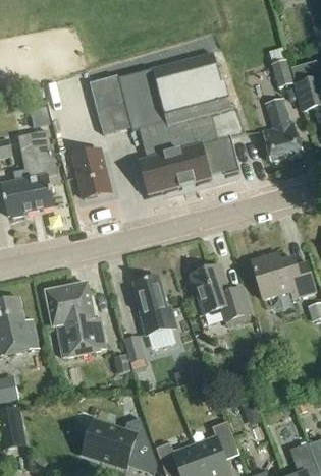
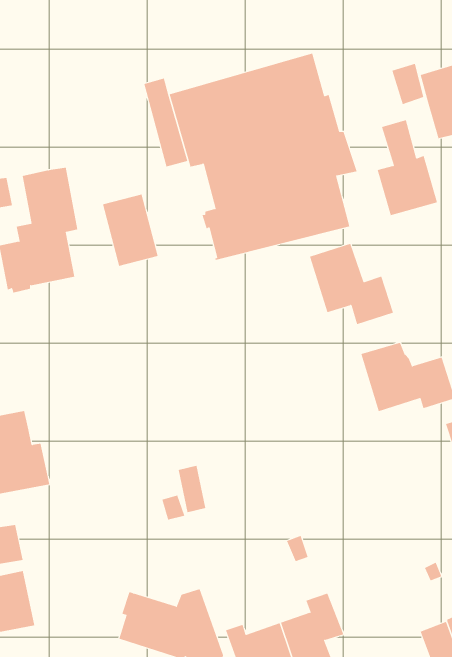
building: [86,72,115,133] -> none
building: [189,264,247,320] -> [309,243,394,325]
building: [131,276,175,335] -> none
building: [45,283,104,357] -> none

